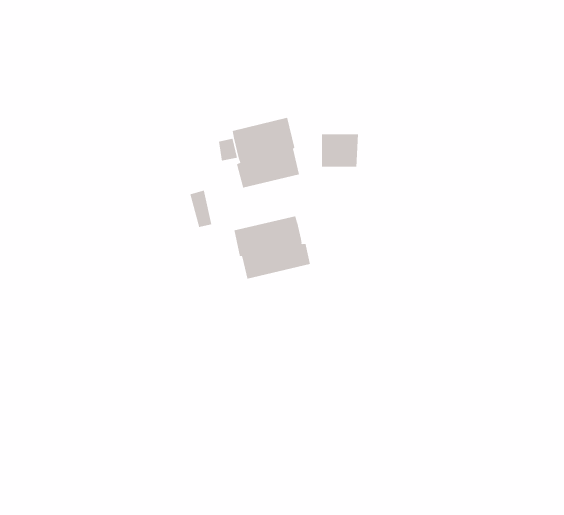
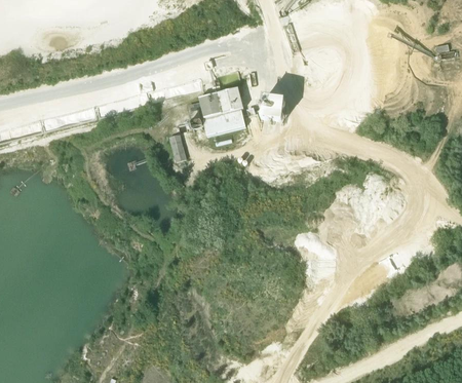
building: [234,215,310,280] -> none

